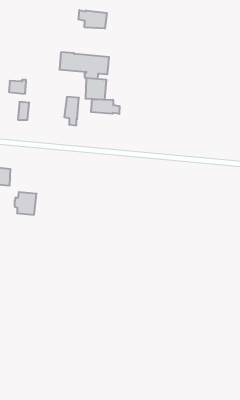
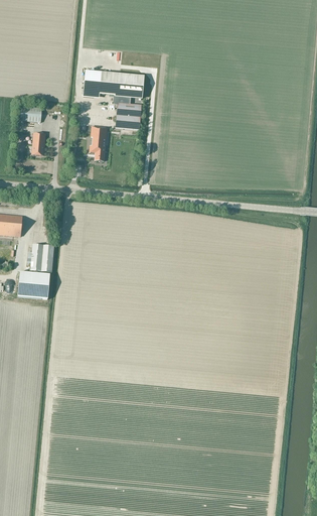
building: [79,10,107,29] -> none
building: [91,99,120,114] -> none
building: none -> [17,270,49,297]

